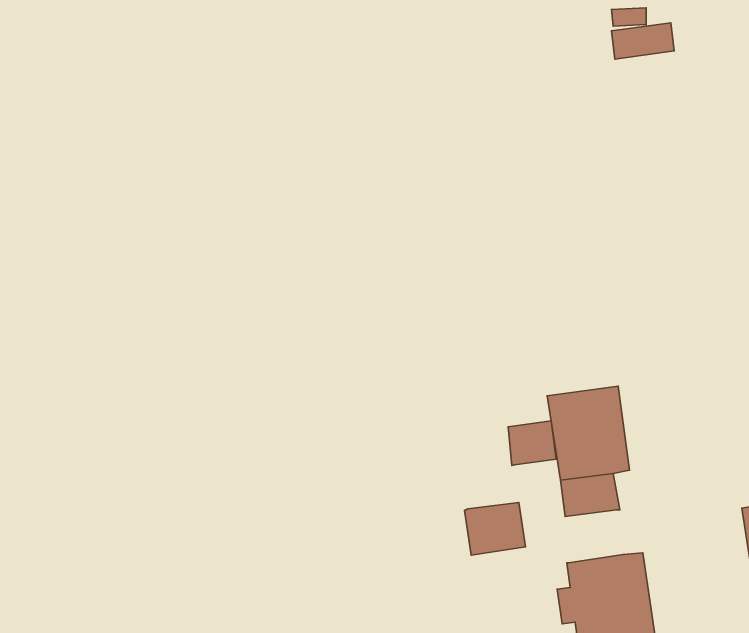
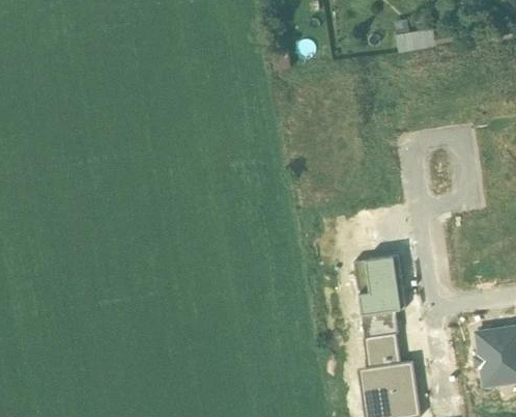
building: [508,421,556,466] -> none
building: [464,502,525,555] -> [362,333,400,366]

